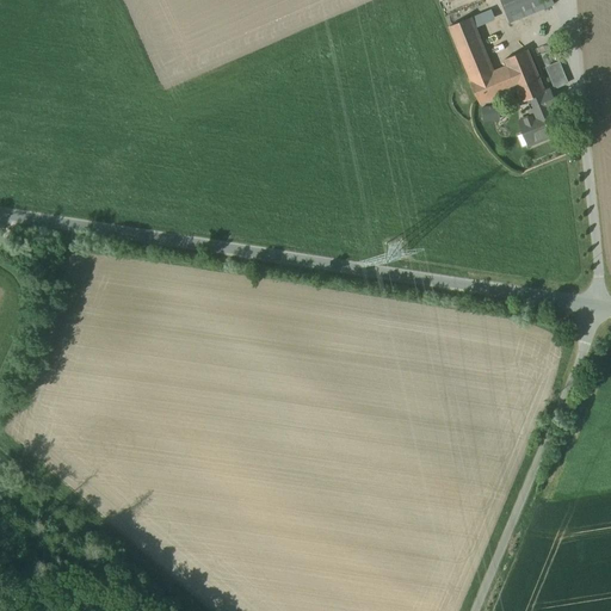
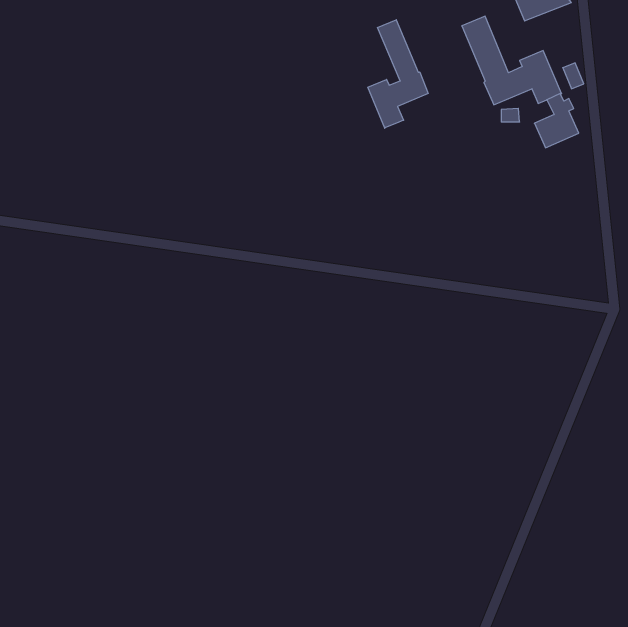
building: none -> [368,20,428,128]

